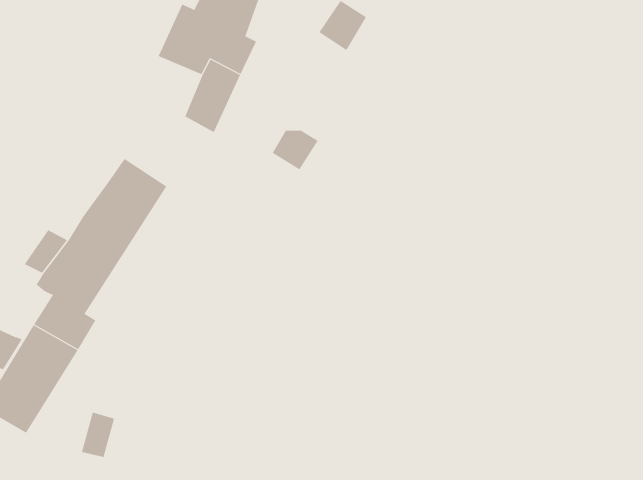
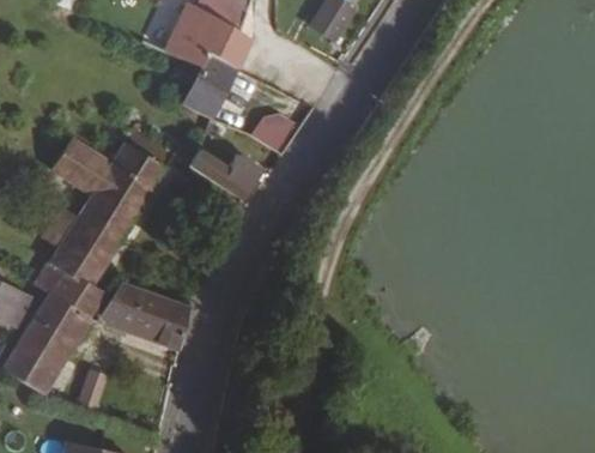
building: none -> [51,135,115,194]
building: none -> [190,150,259,200]
building: none -> [96,282,193,352]

